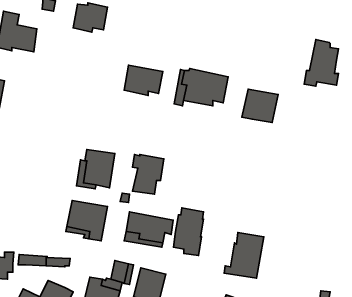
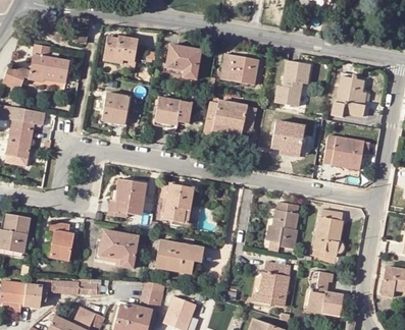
building: none -> [164,44,201,78]
building: none -> [220,52,259,84]
building: none -> [274,59,310,106]
building: none -> [101,92,130,122]
building: none -> [322,134,369,168]
building: none -> [312,208,344,253]
building: none -> [49,220,74,261]
building: [173,208,204,255] -> [269,201,299,248]
building: none -> [307,270,343,317]

